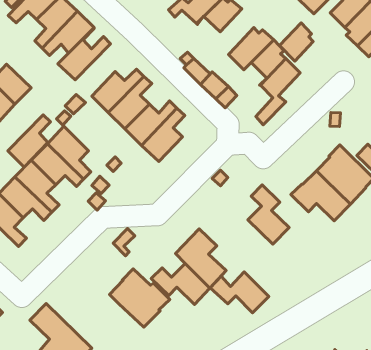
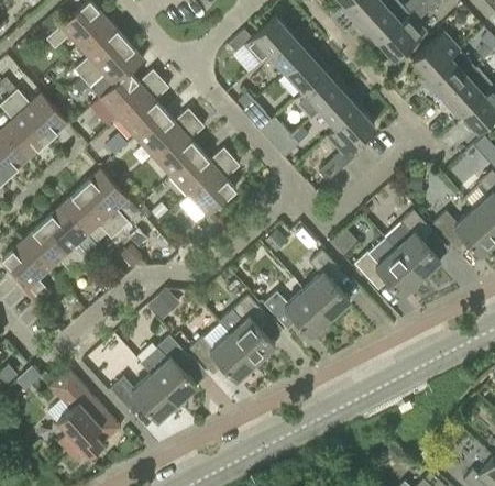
building: [279,23,313,61] -> [286,49,324,92]
building: [8,115,50,167] -> [118,79,168,137]
building: [210,272,269,313] -> [264,289,330,336]
building: none -> [111,375,177,421]

